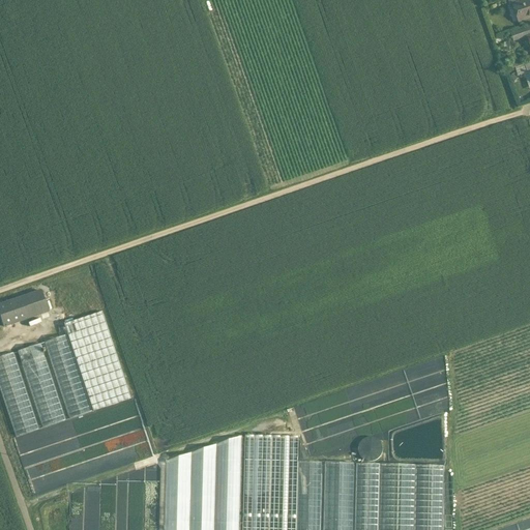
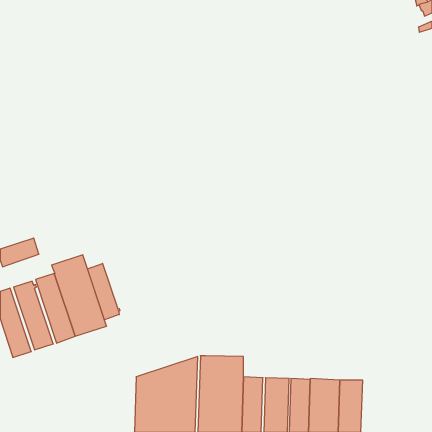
building: none -> [88,263,120,320]

